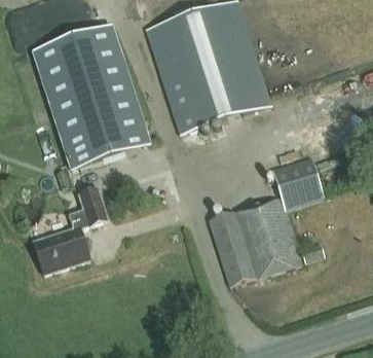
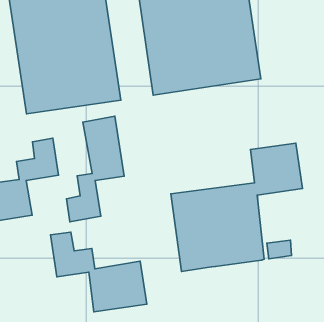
building: none -> [67,116,124,222]
building: none -> [51,232,147,312]

